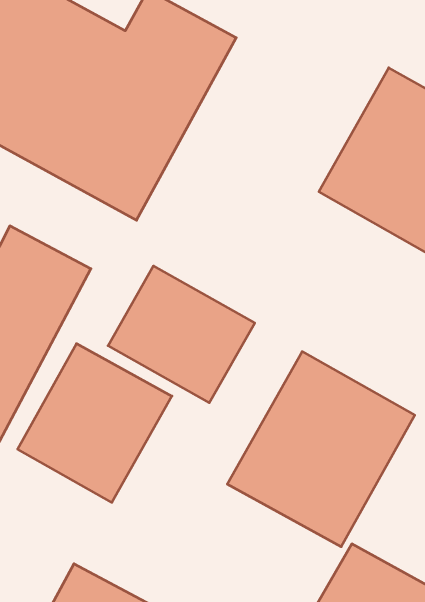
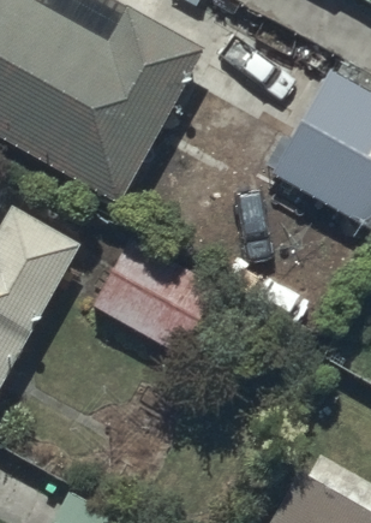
building: [18,344,172,502] -> none
building: [227,352,415,547] -> none

